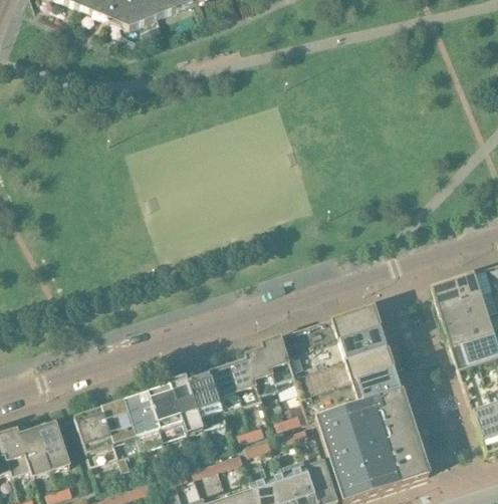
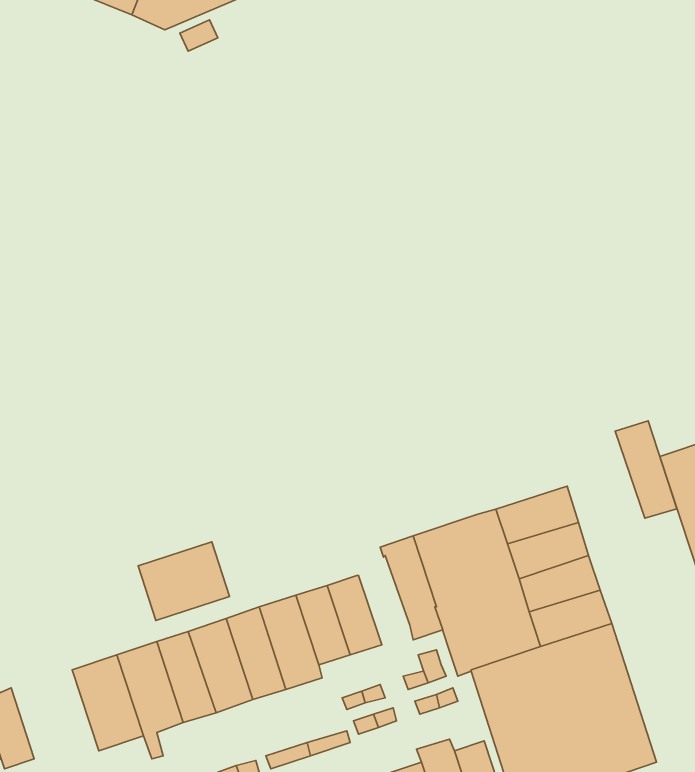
building: none -> [615,421,677,518]
building: none -> [138,542,229,621]
building: [247,347,281,396] -> none
building: [37,419,73,471] -> none

